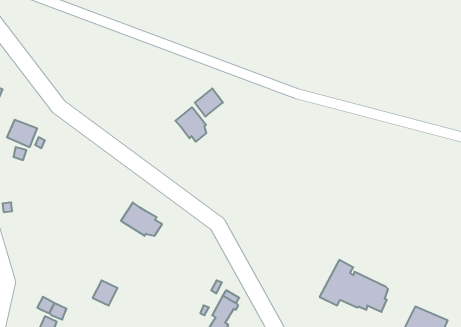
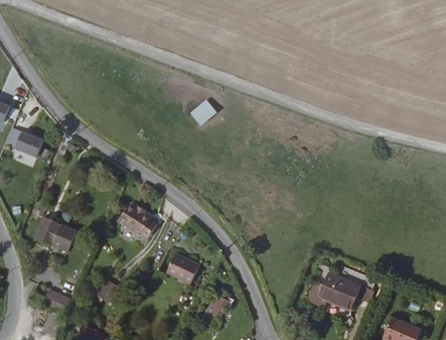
building: [175,107,206,142] -> none
building: none -> [33,219,78,253]
building: none -> [167,251,200,282]

